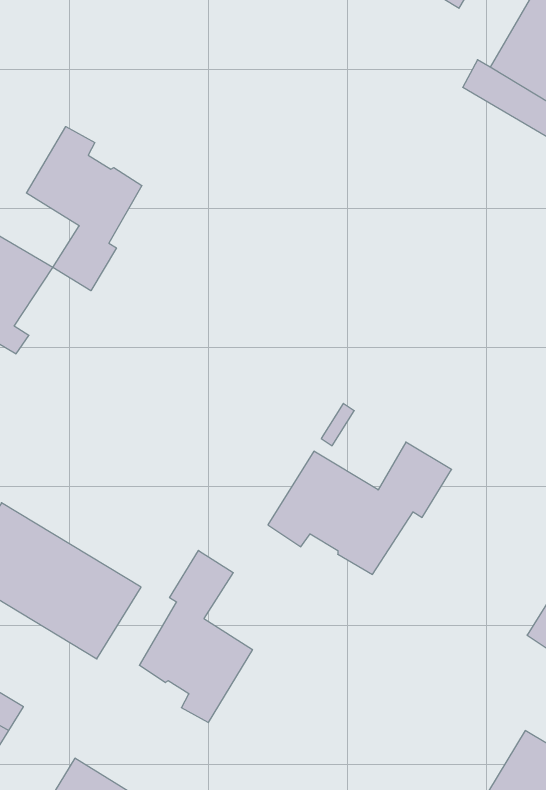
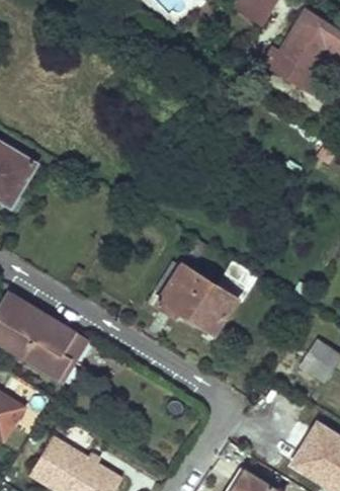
building: [26,127,142,291] -> none
building: [139,550,252,723] -> none

